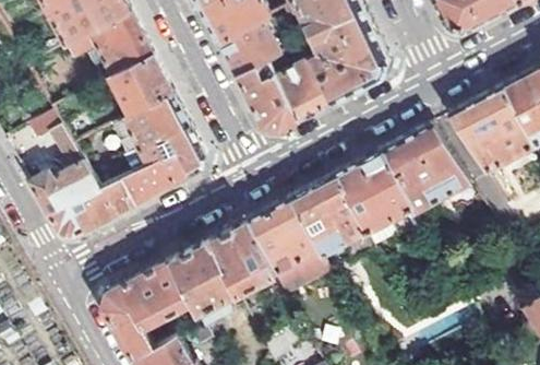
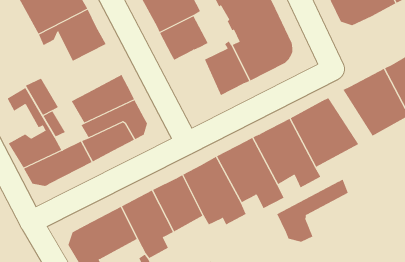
building: [107,57,171,118] -> none
building: [237,64,296,131] -> none
building: none -> [276,179,349,242]

